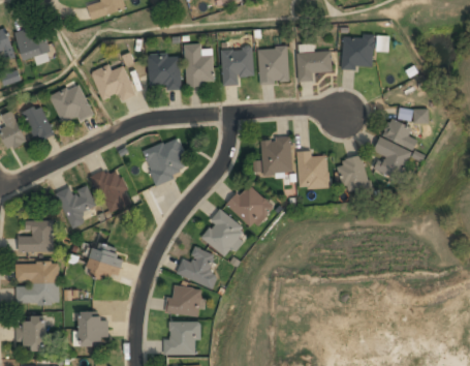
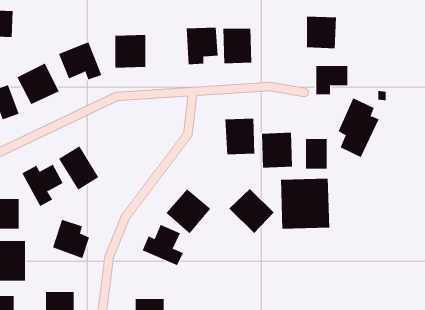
building: [184,44,213,85] -> none
building: [297,52,331,82] -> [315,65,348,95]
building: [143,138,189,183] -> none
building: [226,183,273,230] -> [229,188,274,234]
building: none -> [280,178,330,230]
building: [169,286,202,315] -> none

